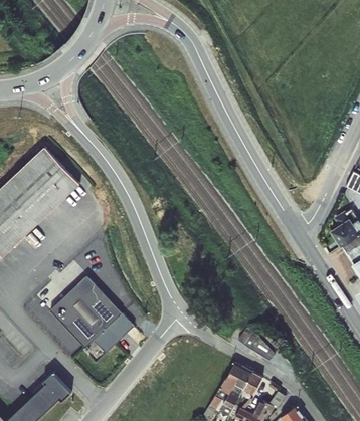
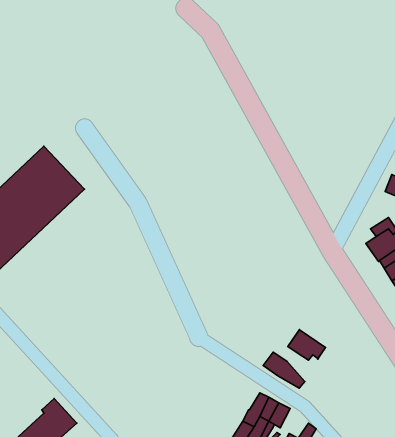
building: [48,272,135,352] -> none
building: none -> [288,329,326,360]

